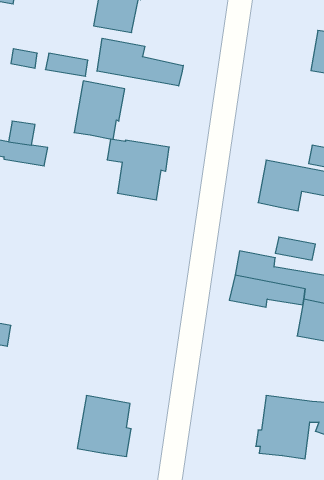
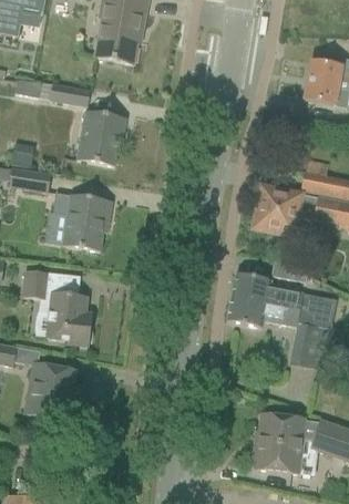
building: [97,38,183,86] -> none
building: [107,139,169,200] -> [52,192,112,250]
building: none -> [21,269,91,344]
building: [77,396,131,456] -> [24,361,76,420]

